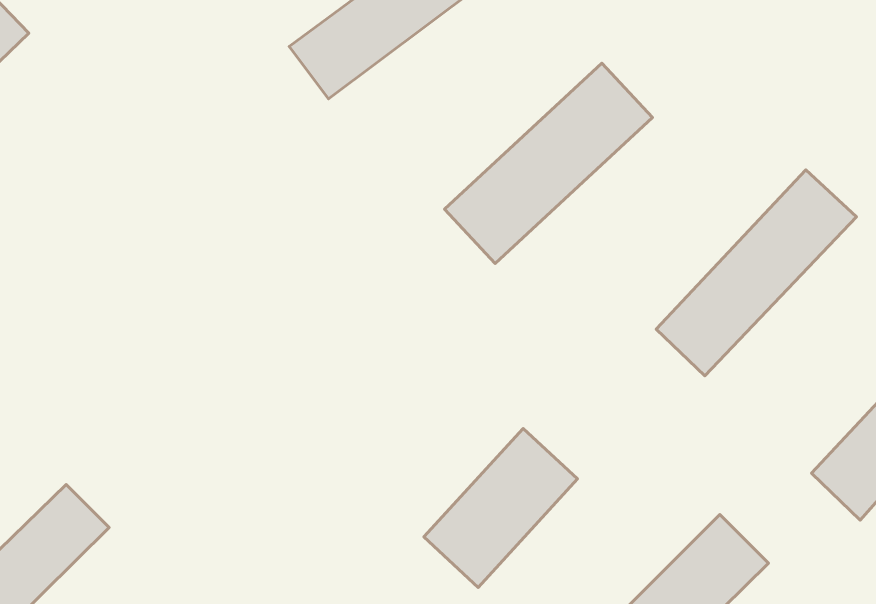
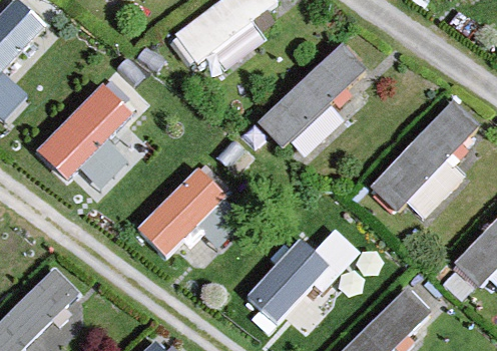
building: none -> [38,84,134,181]
building: none -> [137,167,227,258]

